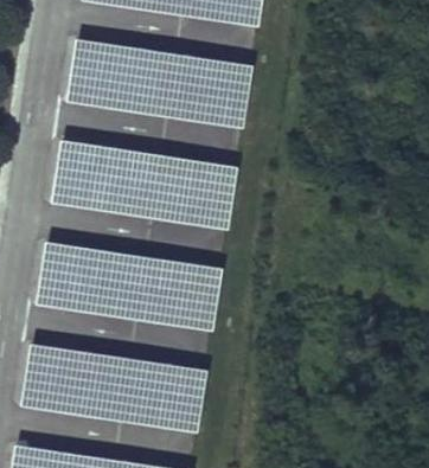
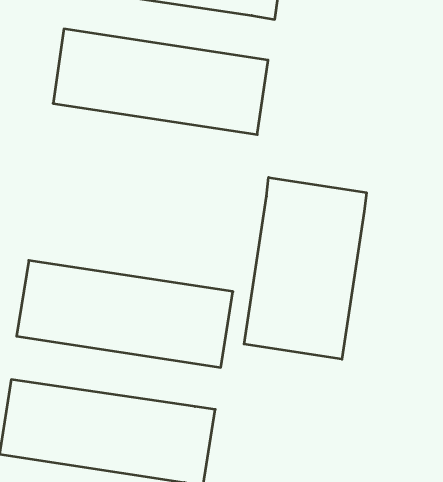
building: [47,139,237,231] -> none
building: none -> [244,177,366,359]

